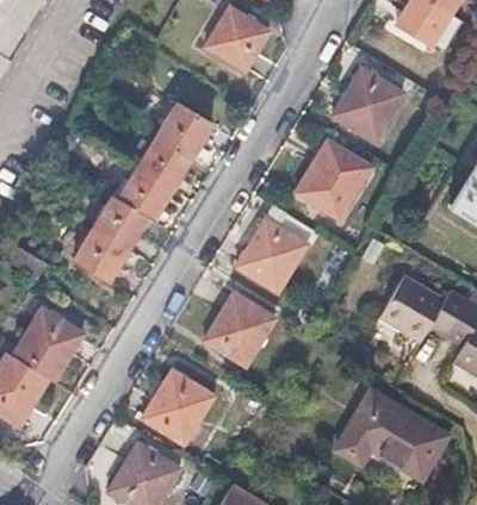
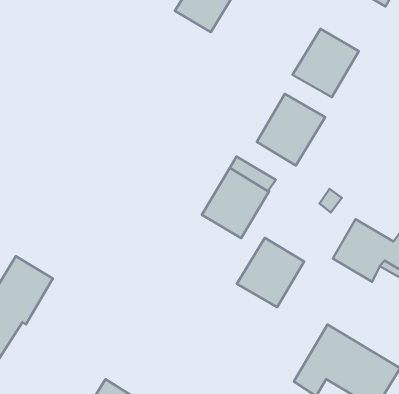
building: [74,107,209,280] -> none
building: [205,293,277,367] -> [237,238,304,307]
building: [138,370,211,444] -> none

